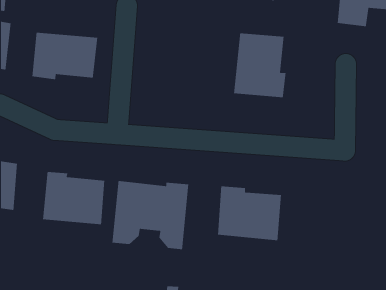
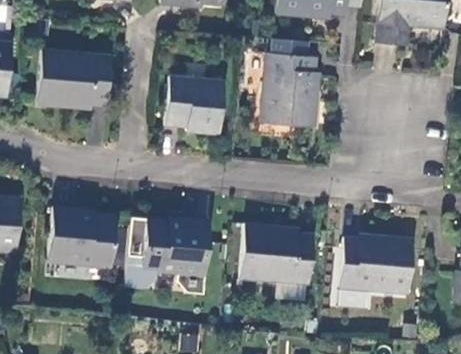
building: none -> [164,78,226,137]
building: none -> [341,237,414,295]

